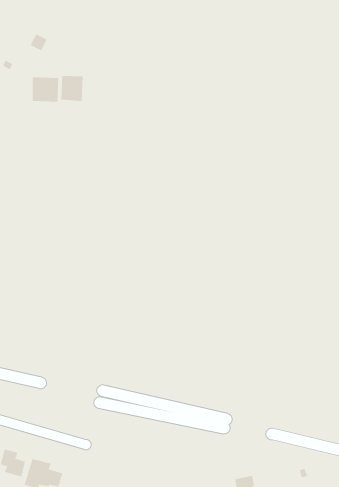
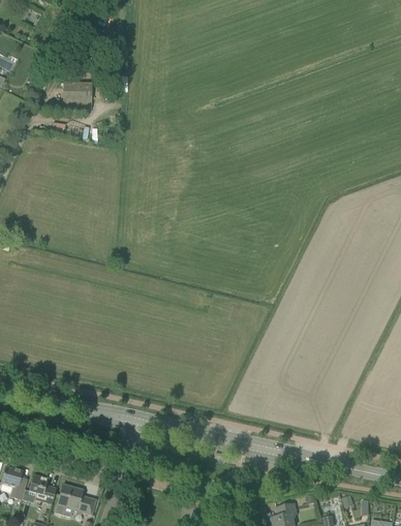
building: [61,75,83,102] -> none

